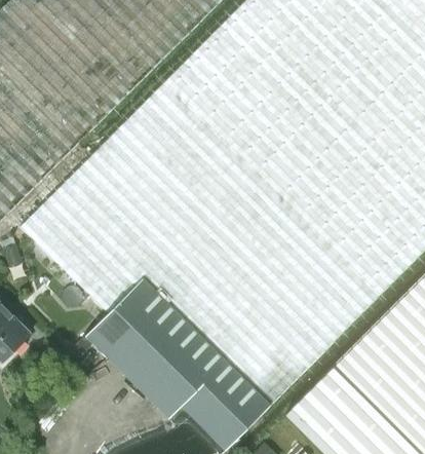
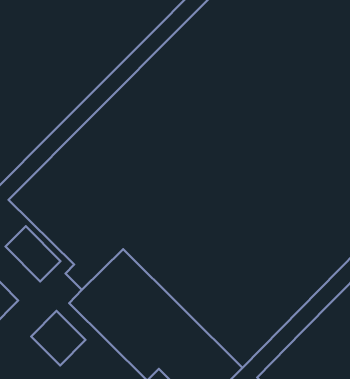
building: none -> [5,226,61,282]
building: none -> [31,311,85,365]

